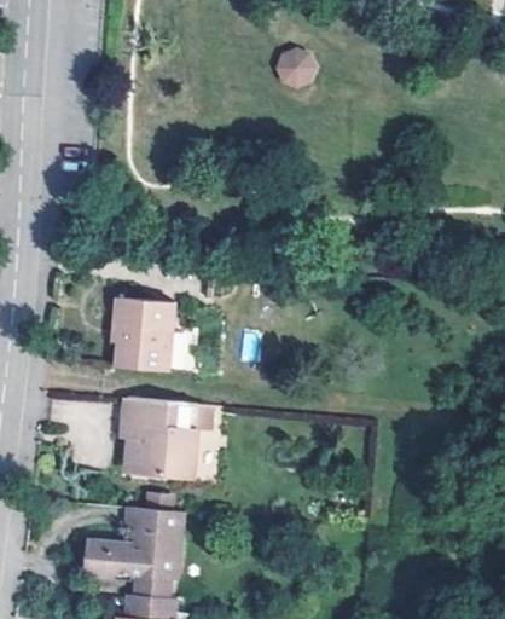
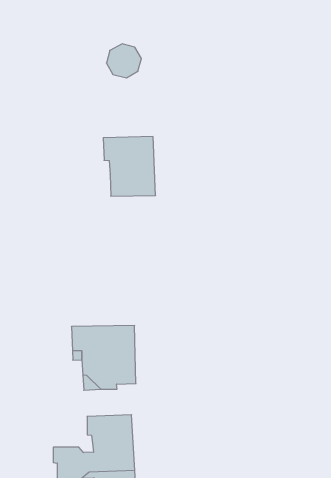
building: [271,47,313,88] -> [106,44,141,78]
building: [114,296,175,372] -> [103,137,156,196]

